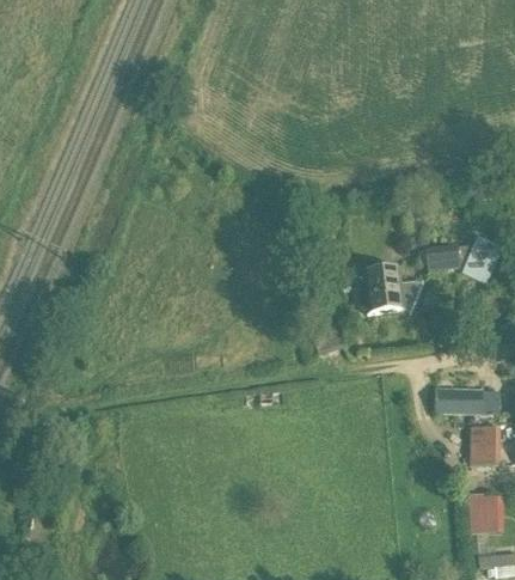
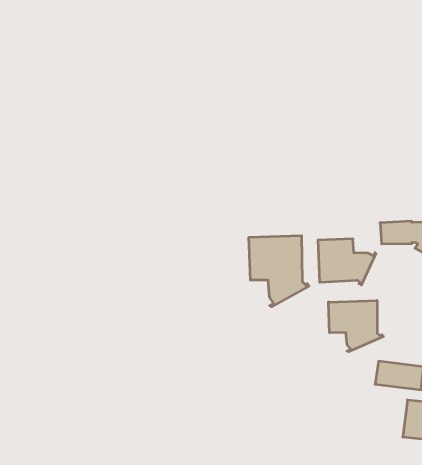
building: none -> [249,236,309,307]
building: none -> [328,300,383,352]

